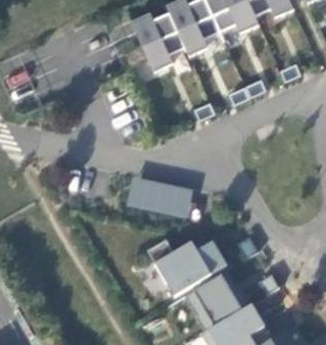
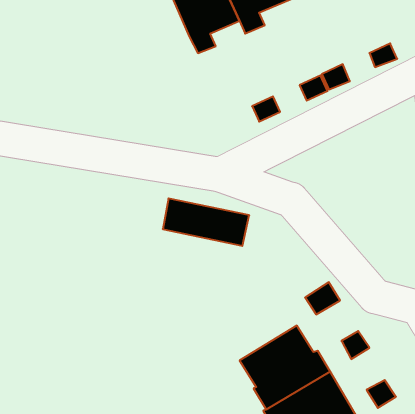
building: [146,240,226,296] -> none

